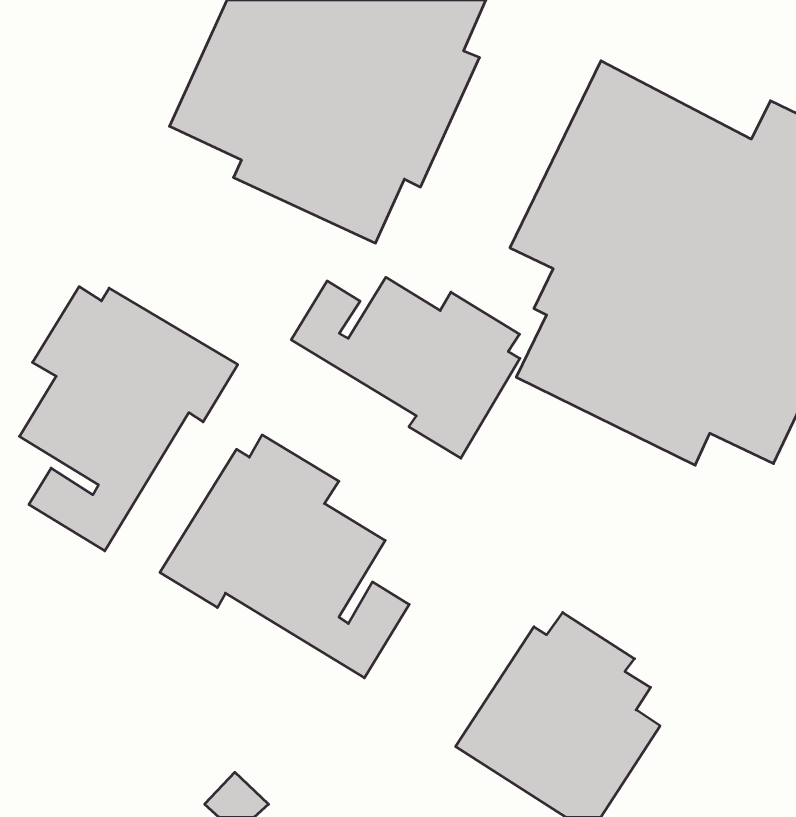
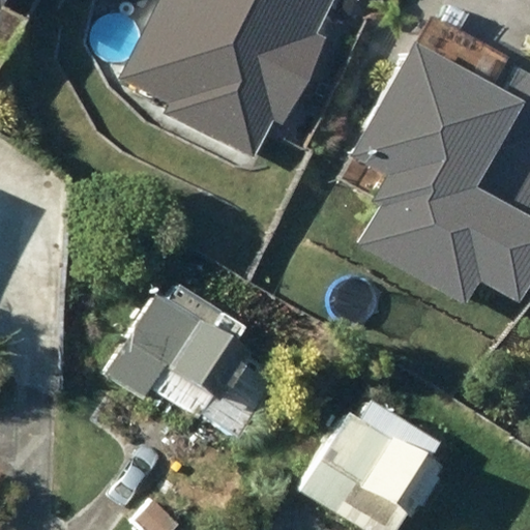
building: [291,277,520,458] -> none
building: [19,287,238,551] -> none

